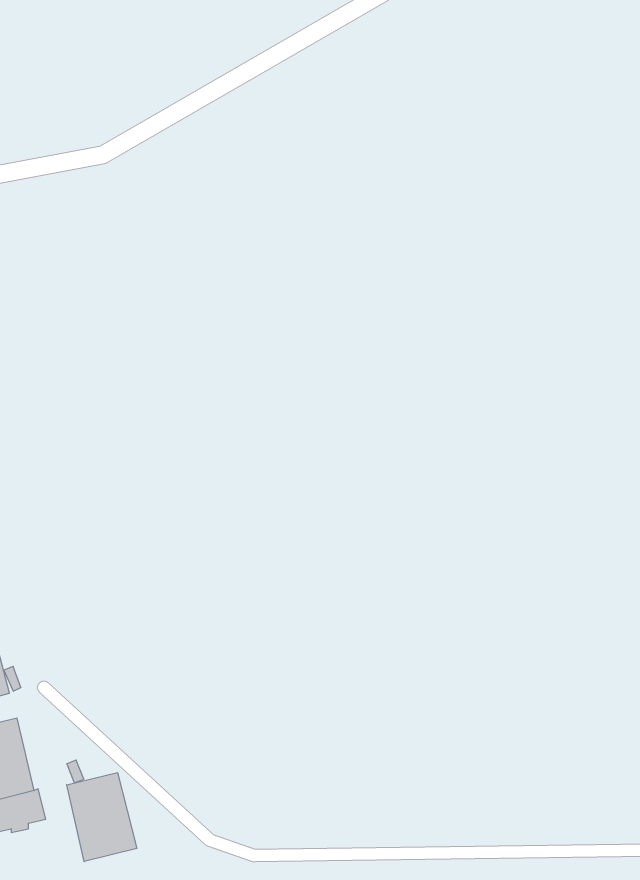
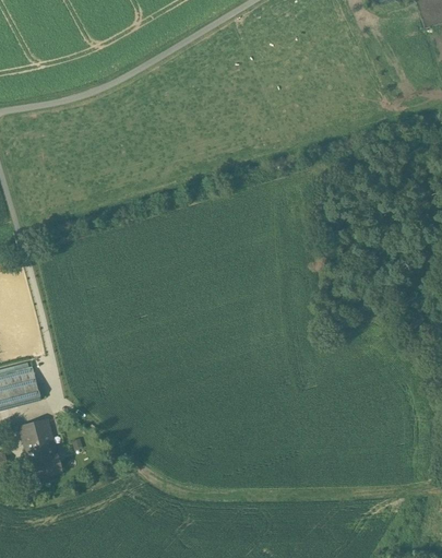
building: [67,773,137,862] -> none

